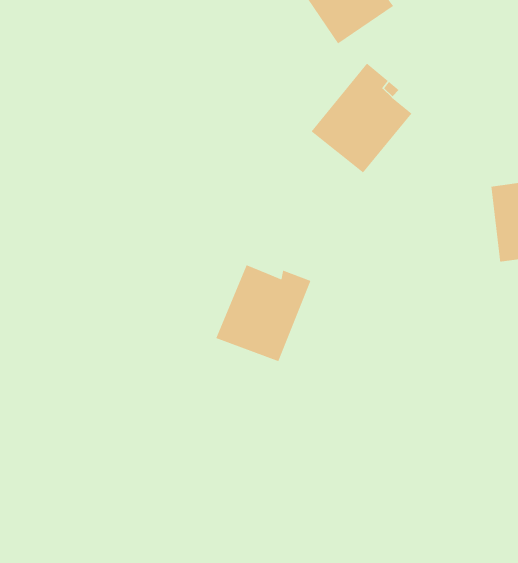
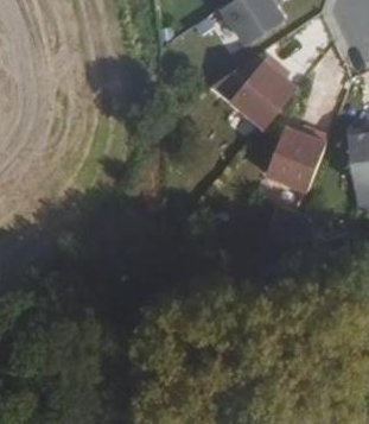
building: [215,264,312,362] -> [265,126,327,190]

